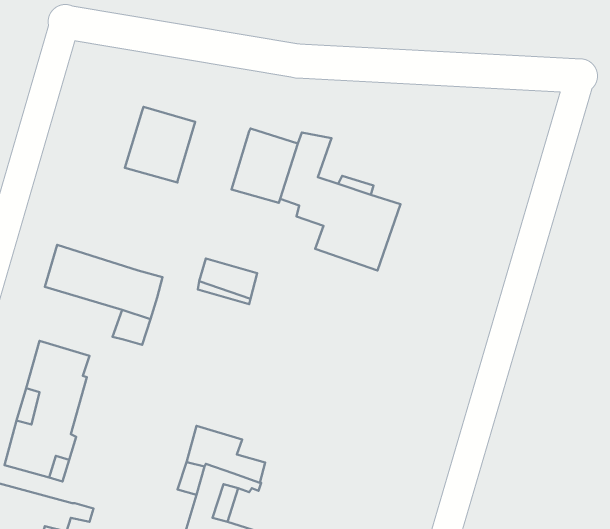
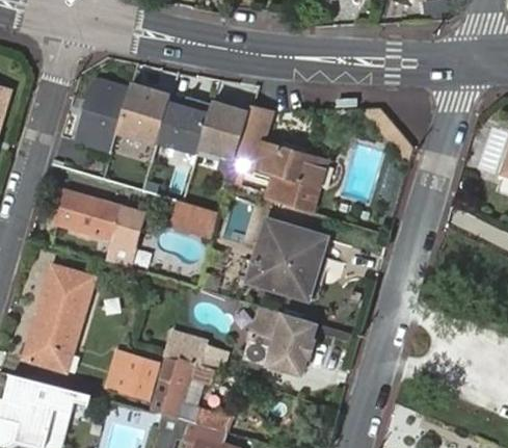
building: none -> [76,79,130,153]
building: none -> [157,97,212,155]
building: none -> [240,222,323,298]
building: none -> [243,309,315,376]
building: none -> [106,357,157,402]

